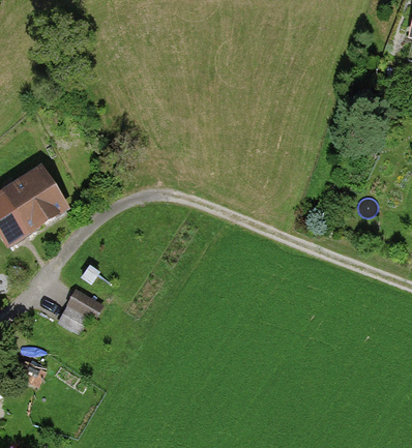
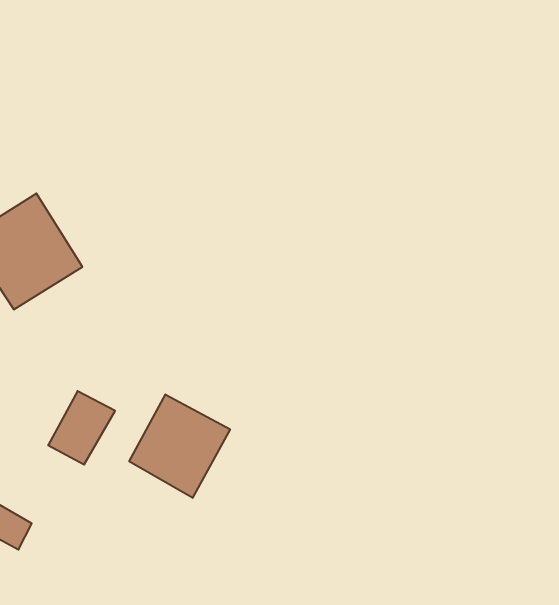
building: none -> [129,394,230,498]

